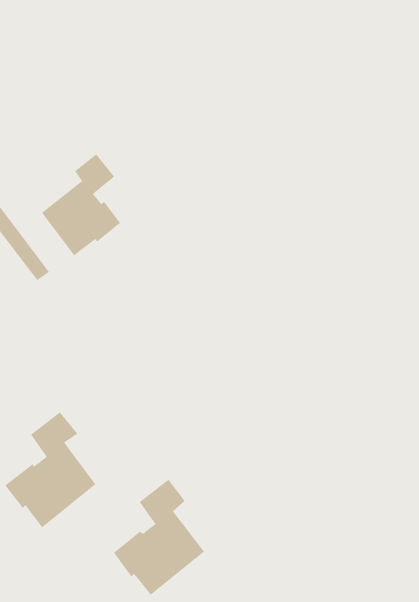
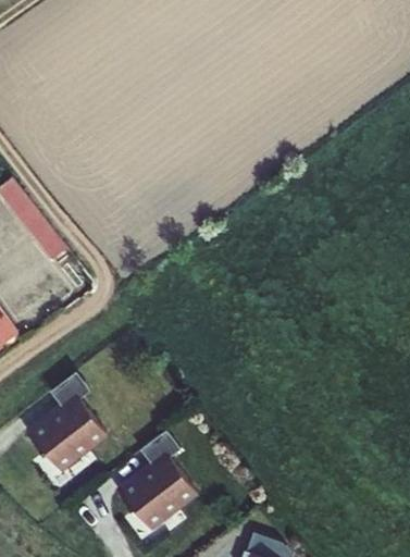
building: [41,153,121,256] -> none

